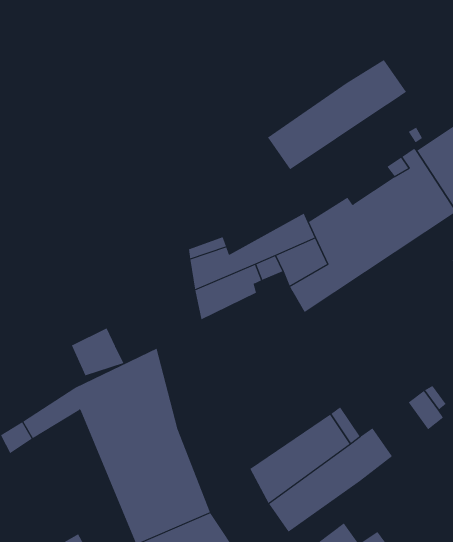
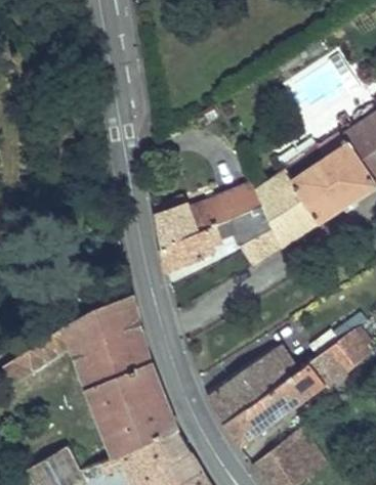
building: [267,59,407,170] -> none
building: [71,328,124,376] -> none
building: none -> [308,341,353,385]

